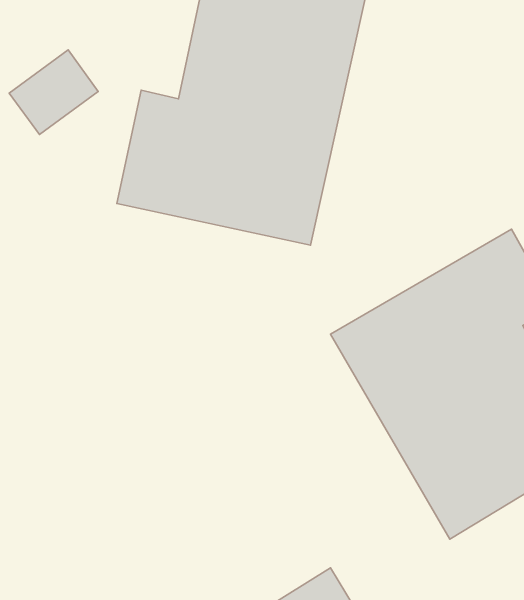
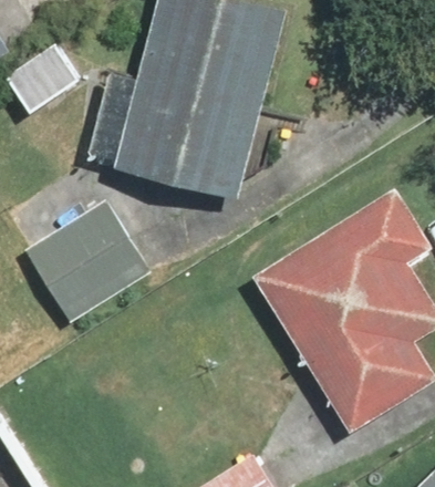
building: none -> [22,205,146,328]

